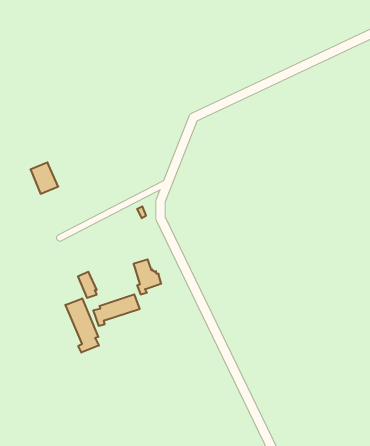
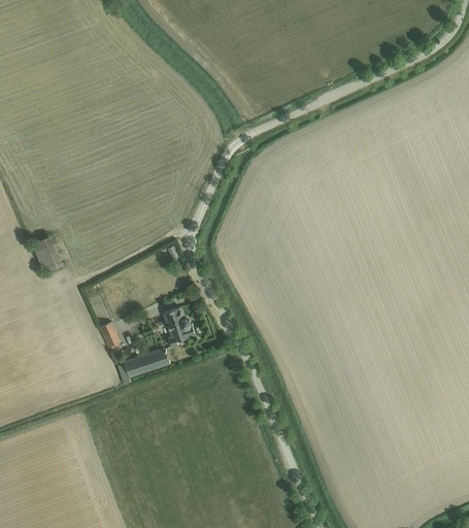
building: [30,162,58,194] -> [31,235,63,271]
building: [65,298,99,353] -> none

